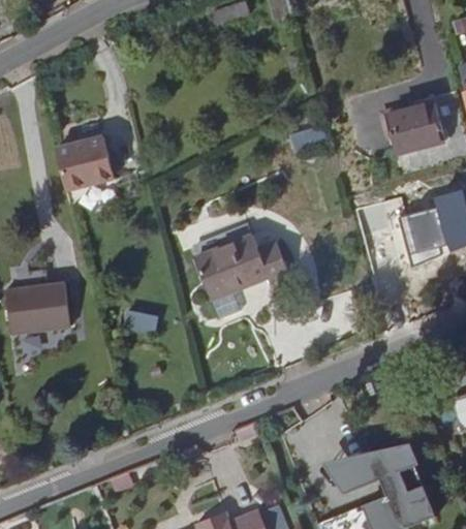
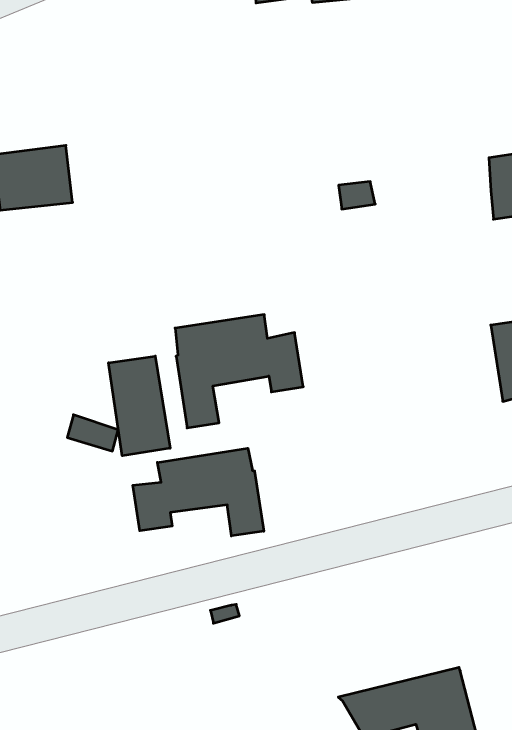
building: none -> [109,356,170,456]
building: none -> [133,448,264,536]

